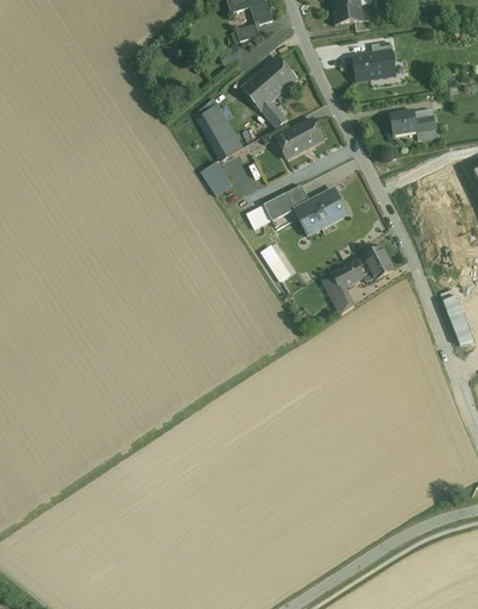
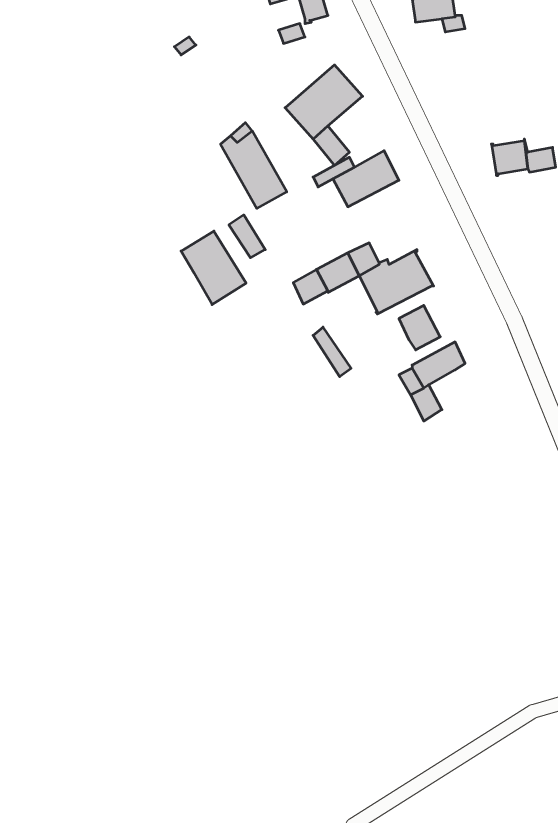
building: [353,42,396,80] -> none
building: none -> [181,231,246,305]
building: [364,246,394,278] -> [399,305,440,350]

